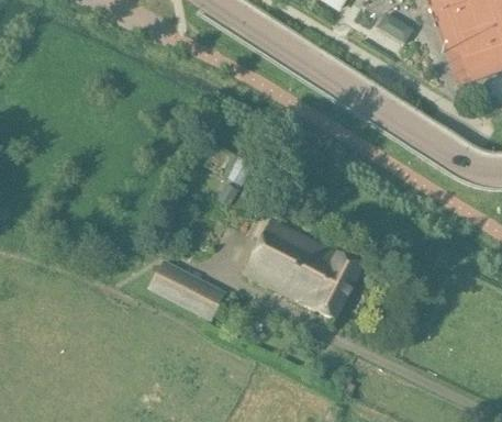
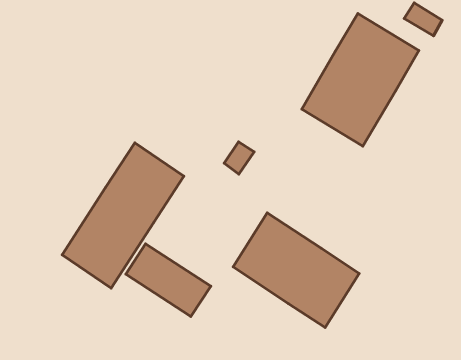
building: none -> [302,13,419,146]
building: none -> [62,143,184,288]

